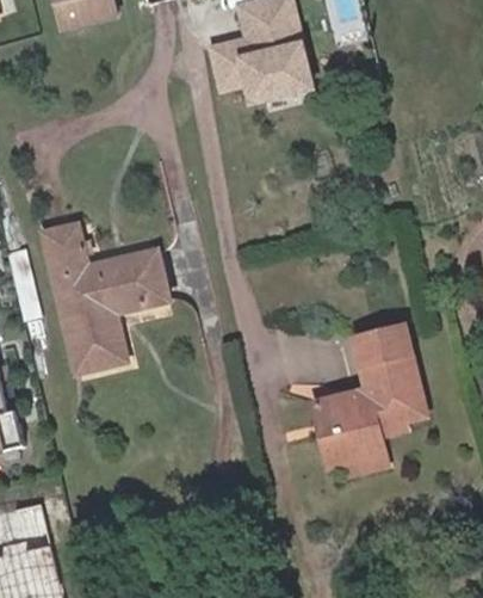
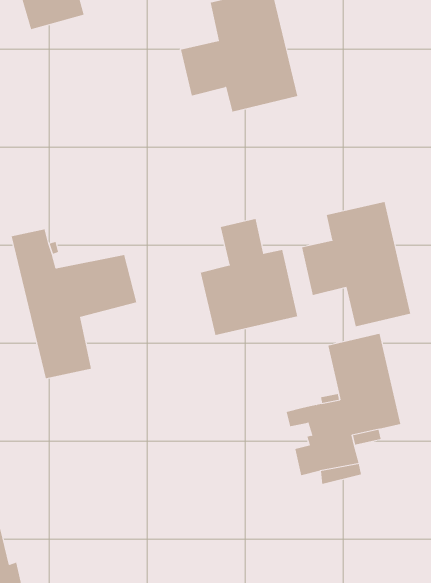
building: none -> [301,201,411,327]
building: none -> [200,218,298,336]

